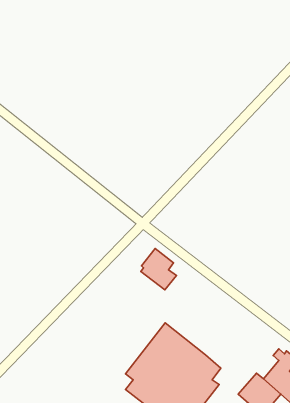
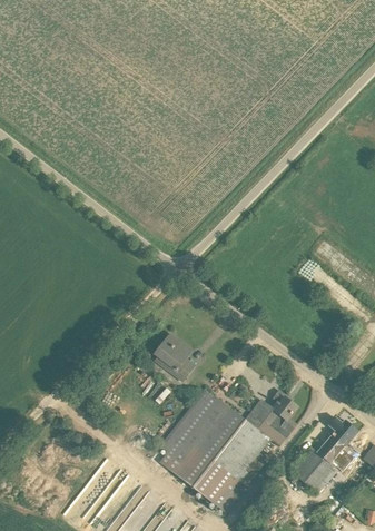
building: [141,248,176,290] -> [154,332,195,380]
building: none -> [251,394,297,444]

